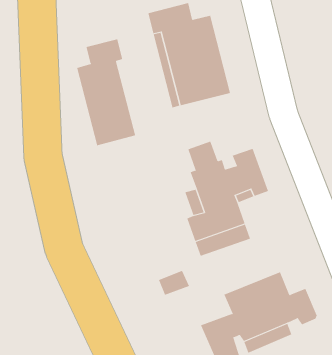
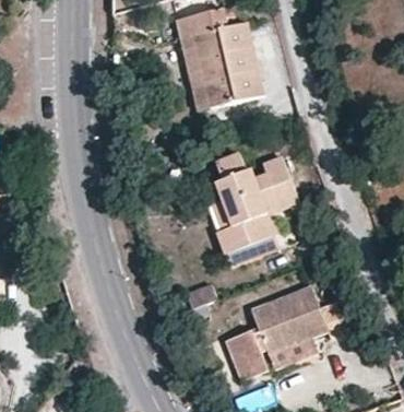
building: [77,38,136,146] -> none

